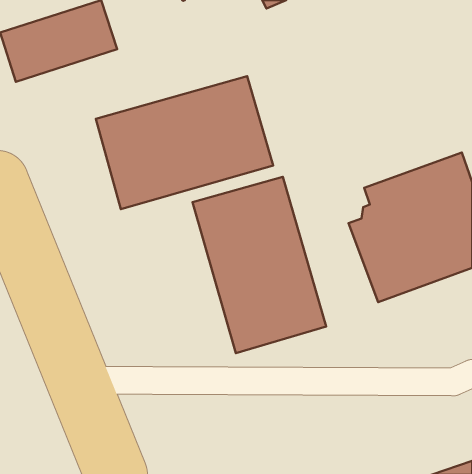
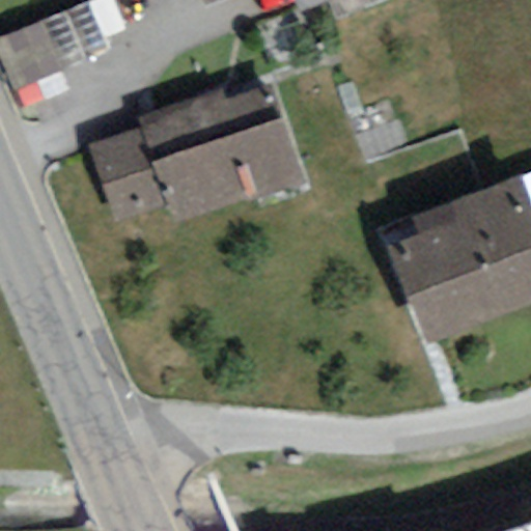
building: [192,177,326,353] -> none

